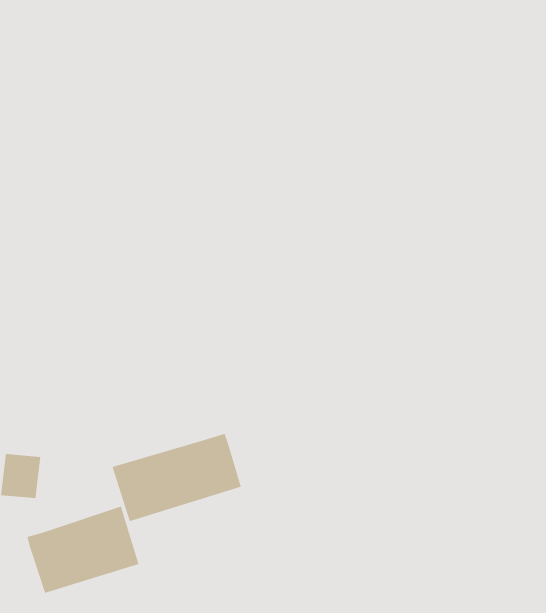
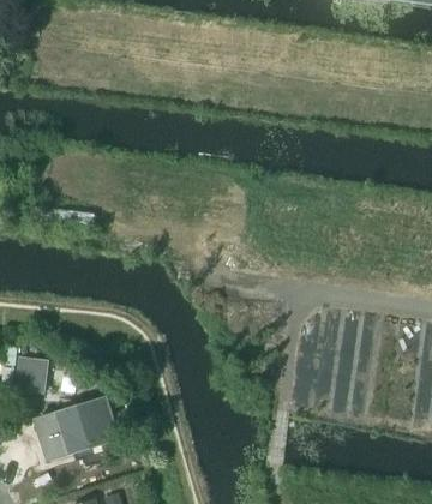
building: [111,433,242,522] -> none

